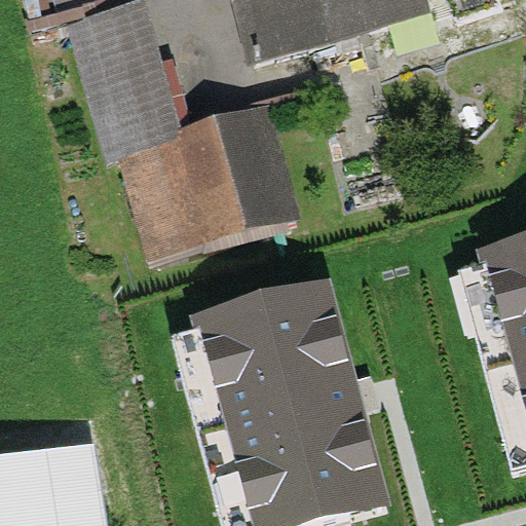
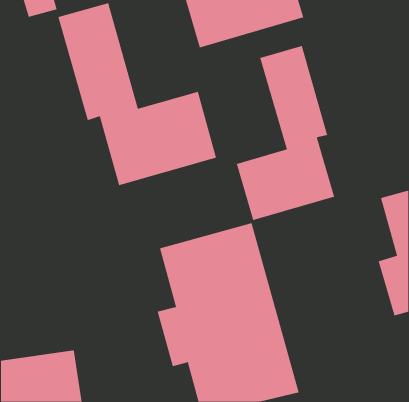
building: none -> [236,45,335,221]

